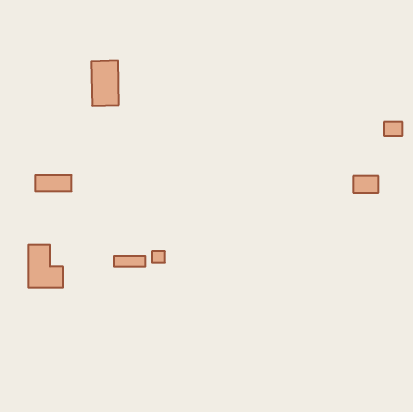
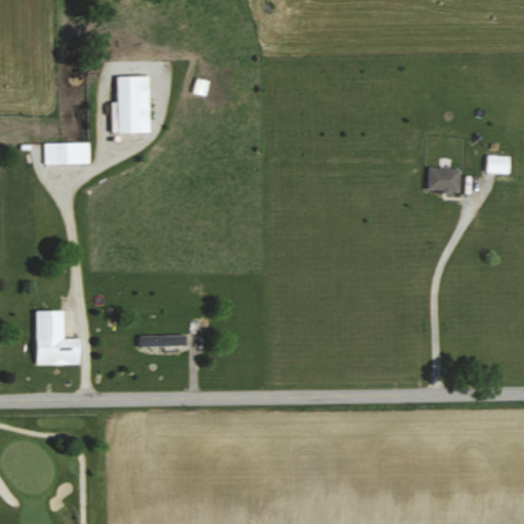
building: [35,175,72,191] -> [44,145,90,166]
building: [353,176,378,193] -> [428,169,460,190]

